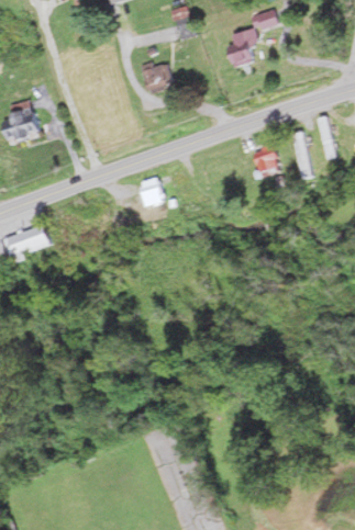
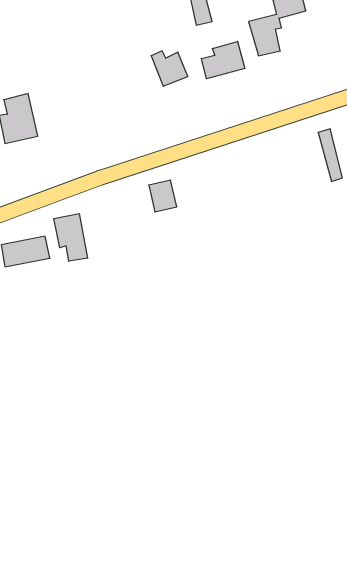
building: none -> [201,41,245,79]
building: [253,144,282,178] -> none
building: none -> [54,214,88,261]

